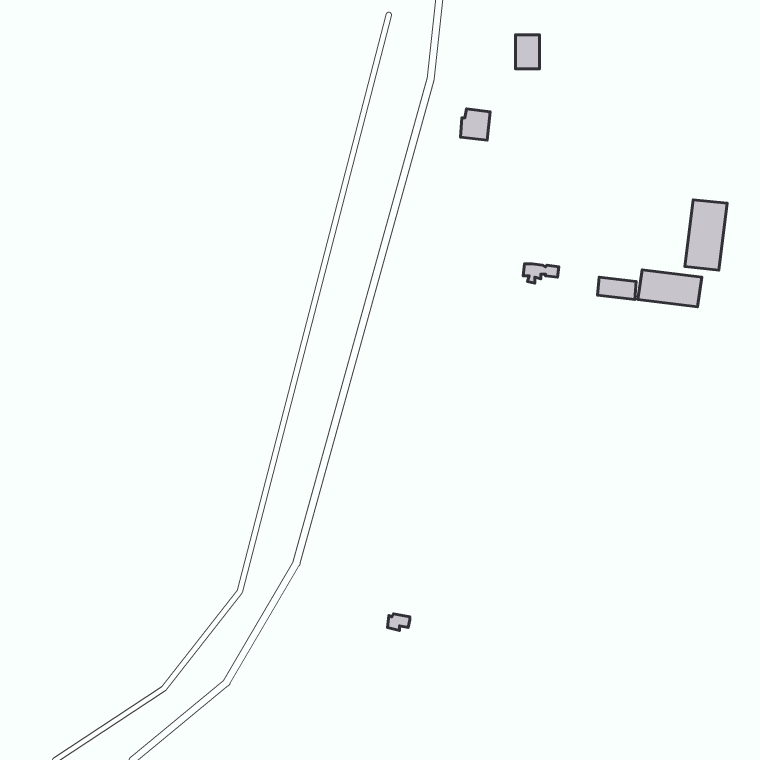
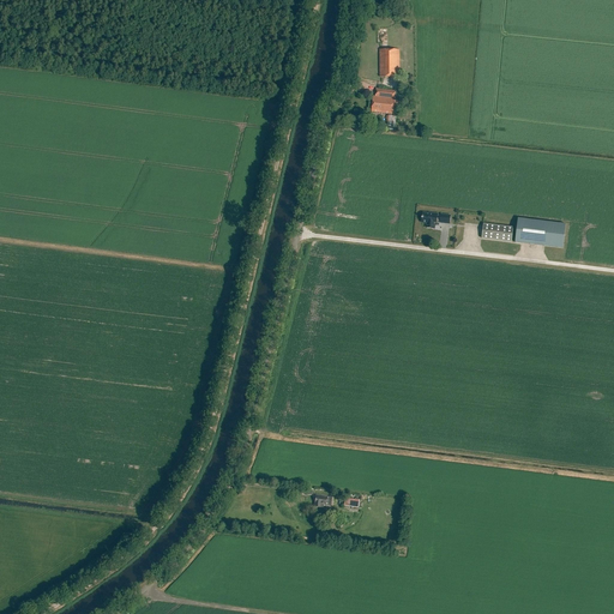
building: [516,35,539,69] -> [379,48,398,76]
building: [685,200,727,270] -> none

